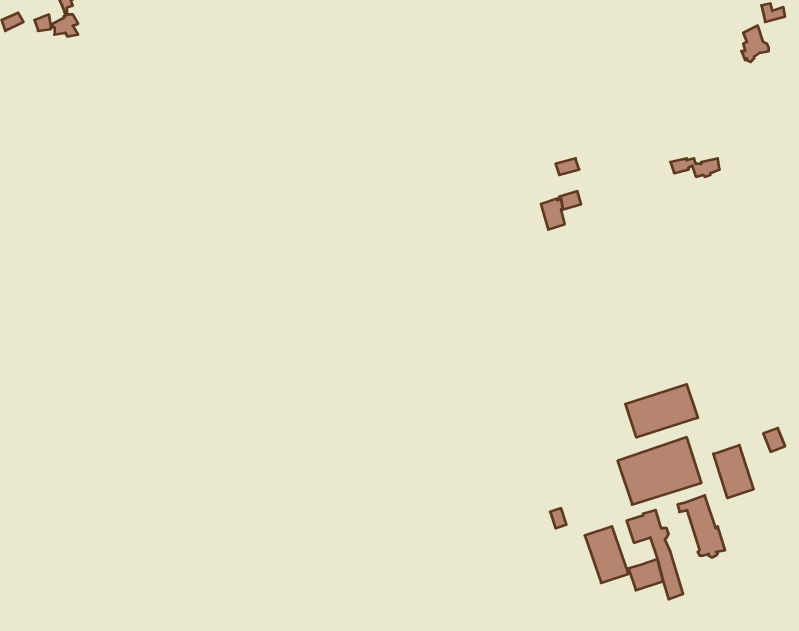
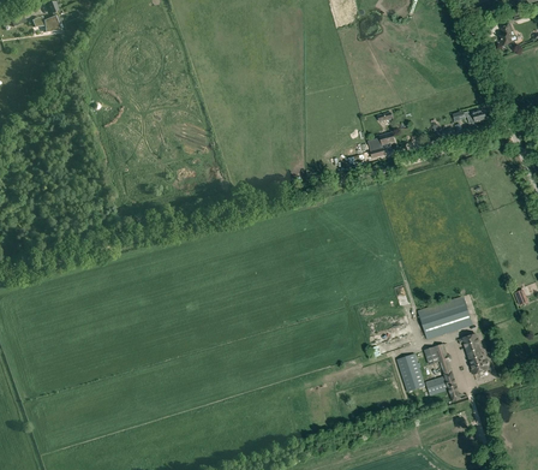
building: [625,384,698,437] -> none
building: [713,445,753,498] -> none

